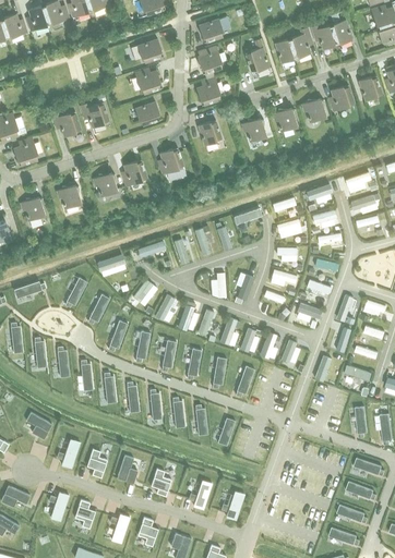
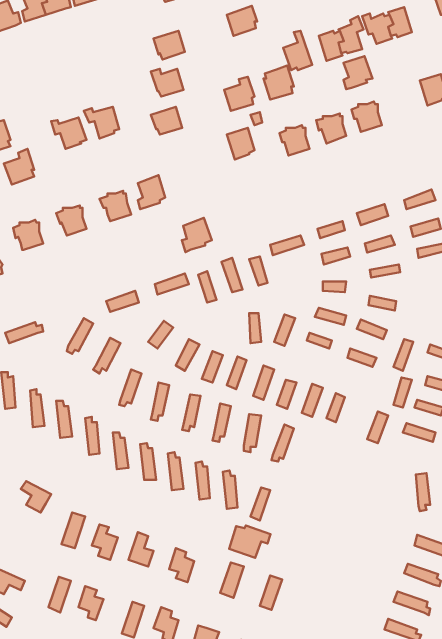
building: [196,46,222,74] -> [263,65,294,100]
building: [330,85,354,112] -> [344,56,373,89]
building: [158,147,183,175] -> [182,218,212,252]
building: none -> [229,525,270,558]

